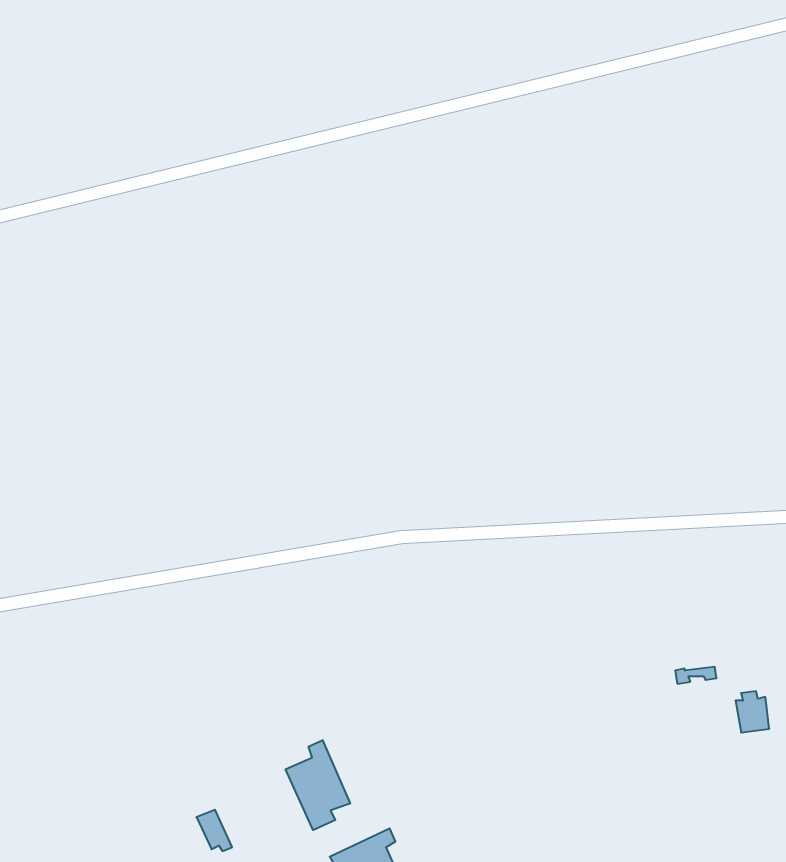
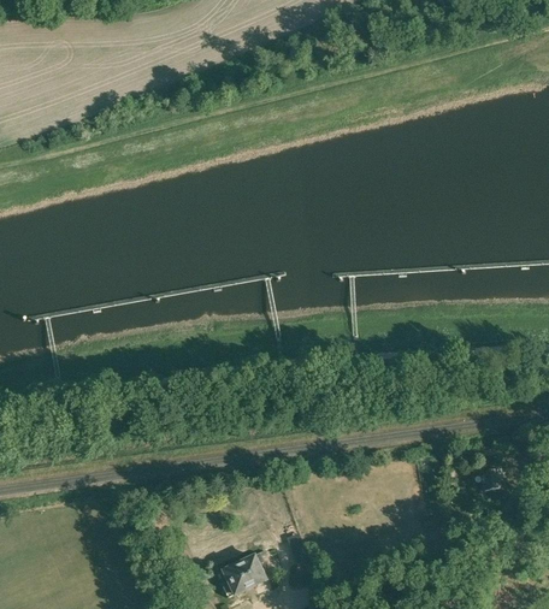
building: [286,740,350,830] -> none

